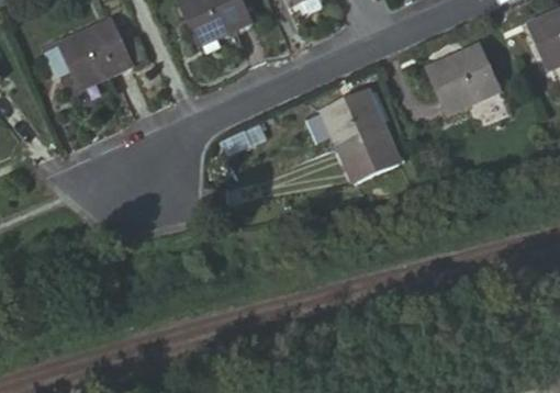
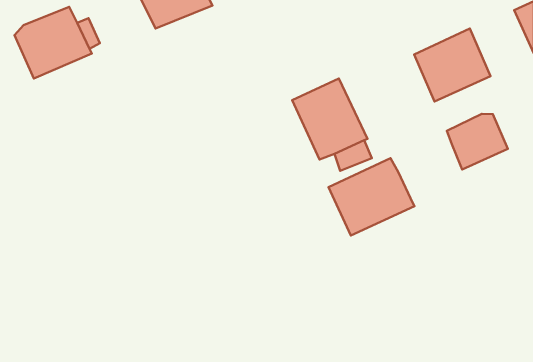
building: none -> [447,114,508,169]
building: none -> [329,158,415,235]

